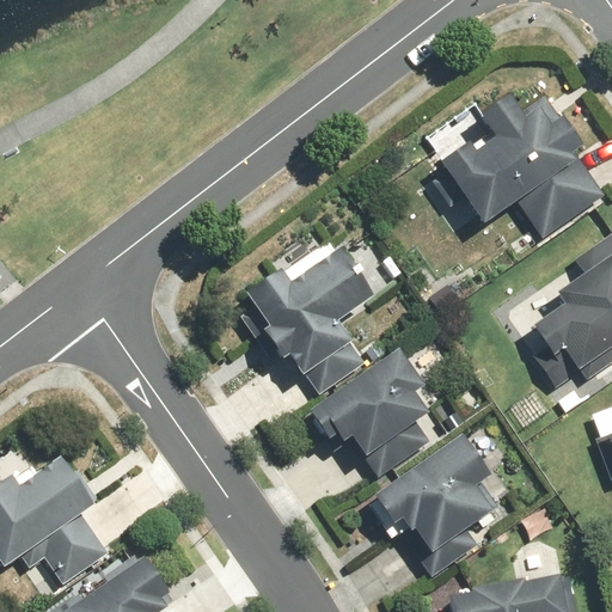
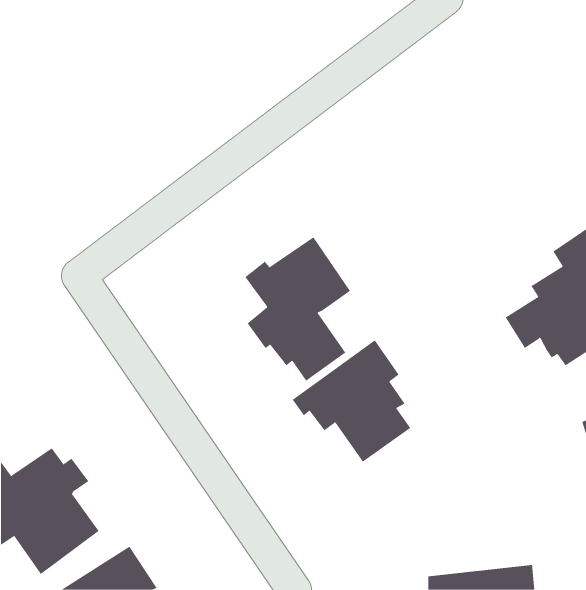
building: [437,96,605,240] -> none
building: [373,437,500,571] -> none

